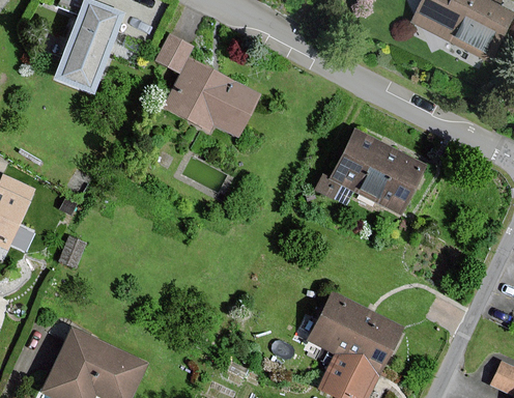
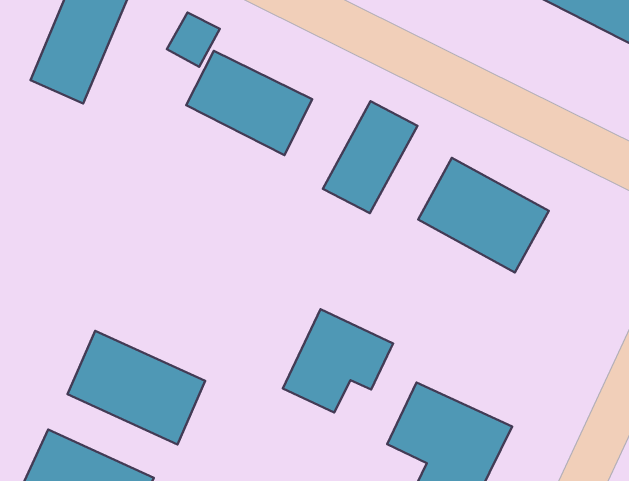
building: none -> [323,101,418,213]
building: none -> [283,309,393,413]
building: none -> [68,331,205,444]

